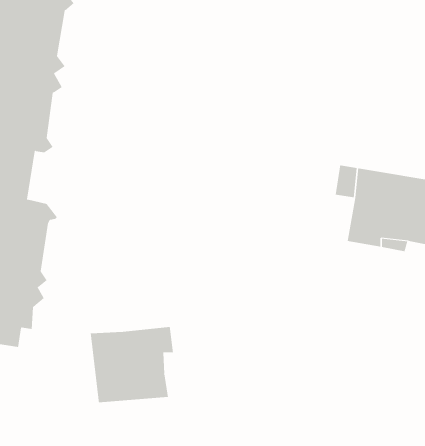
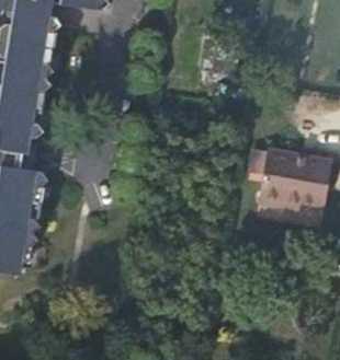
building: [90,326,174,403] -> none

